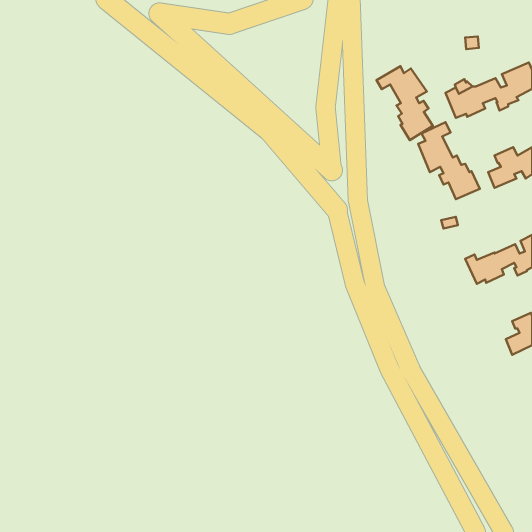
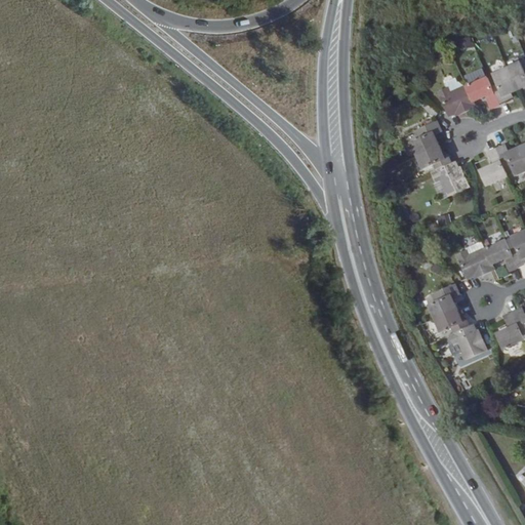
building: [377,66,433,140] -> none
building: none -> [429,284,487,360]

